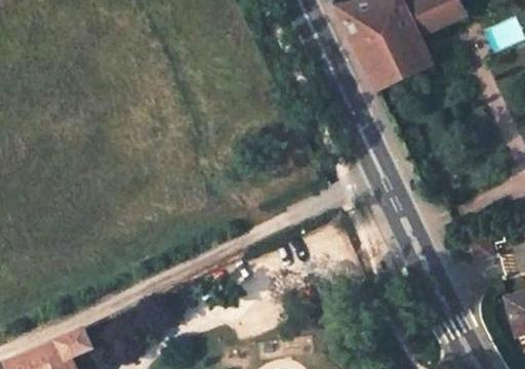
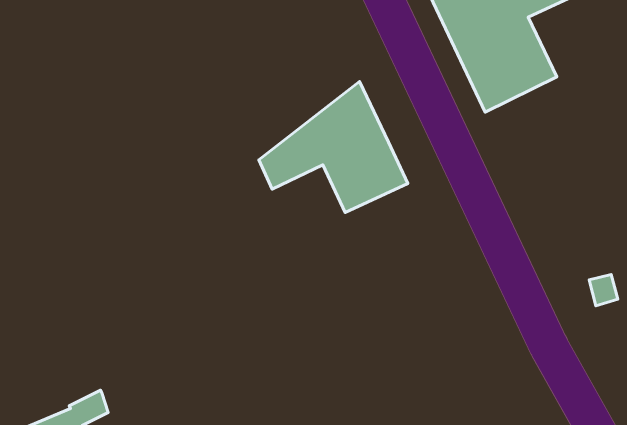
building: none -> [259,81,408,213]

